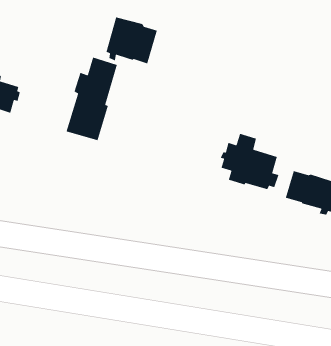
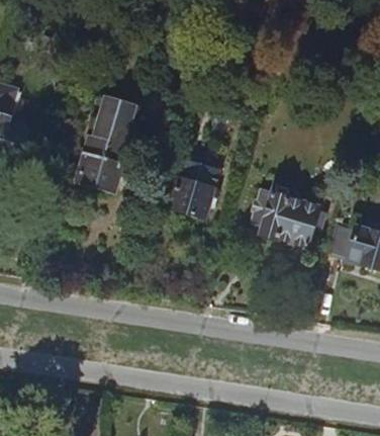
building: [106,16,158,64] -> none
building: none -> [170,159,220,217]

